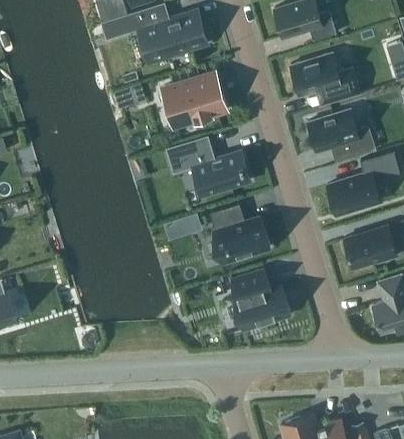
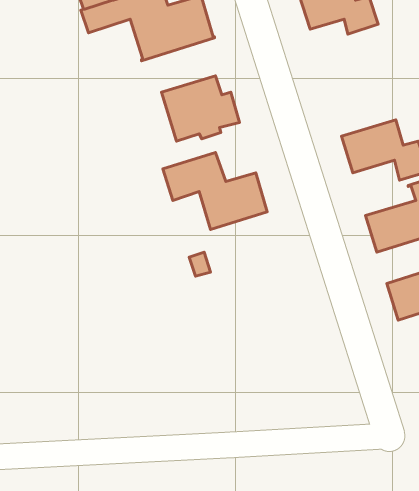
building: [290,53,361,106] -> none
building: [209,204,268,261] -> none
building: [231,269,289,330] -> none

